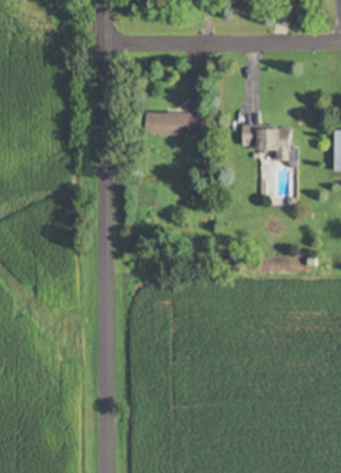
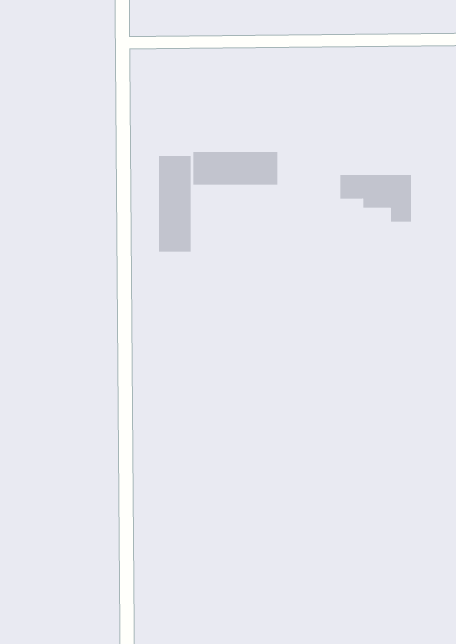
building: none -> [158,155,191,252]

